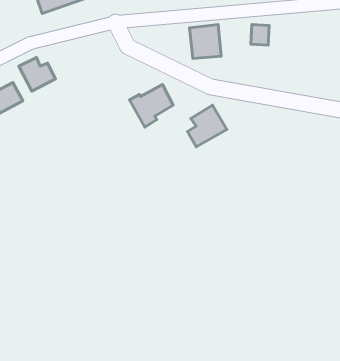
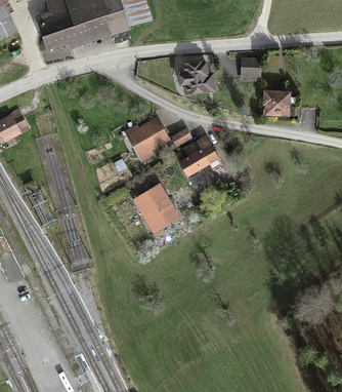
building: none -> [264,91,290,114]
building: [19,58,56,91] -> none
building: none -> [135,186,177,230]

